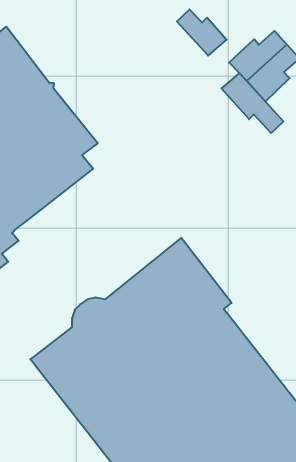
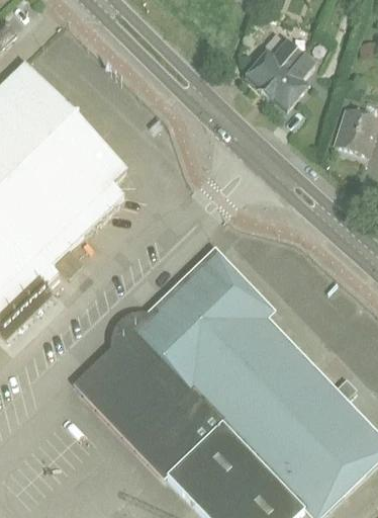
building: [177,9,227,56] -> none
building: [221,73,283,133] -> none

